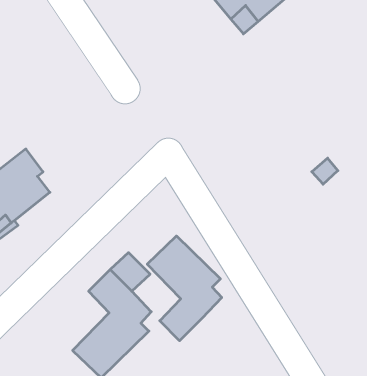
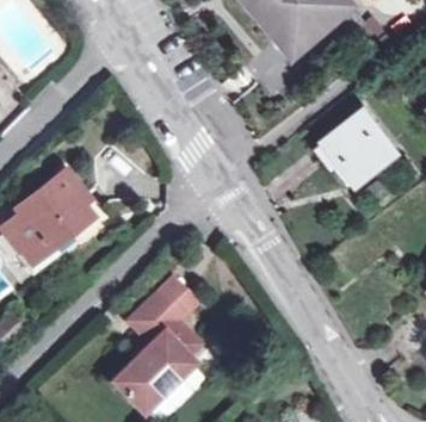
building: none -> [326,108,396,179]
building: [147,236,222,341] -> none

